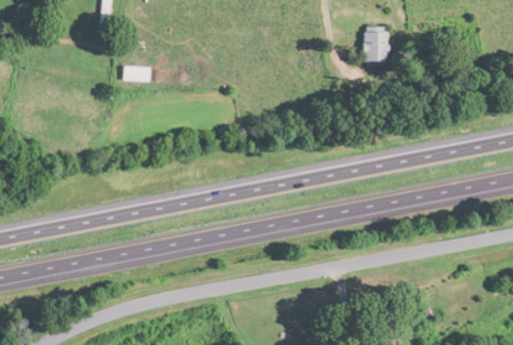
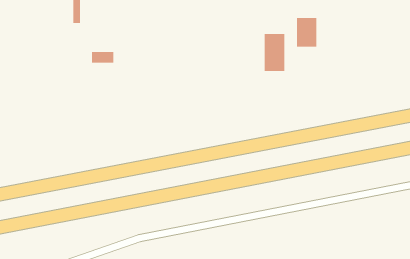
building: none -> [264,33,285,72]

